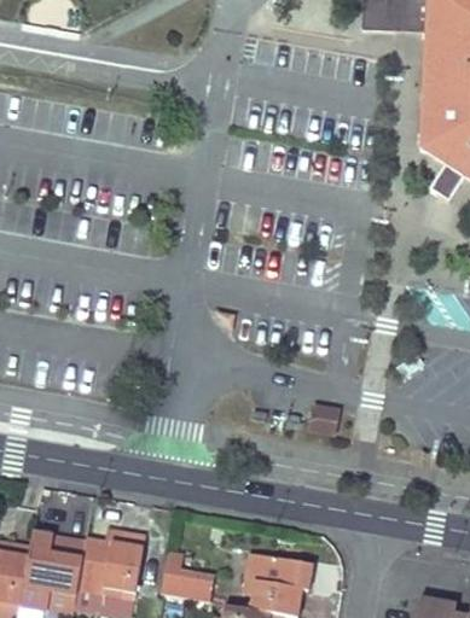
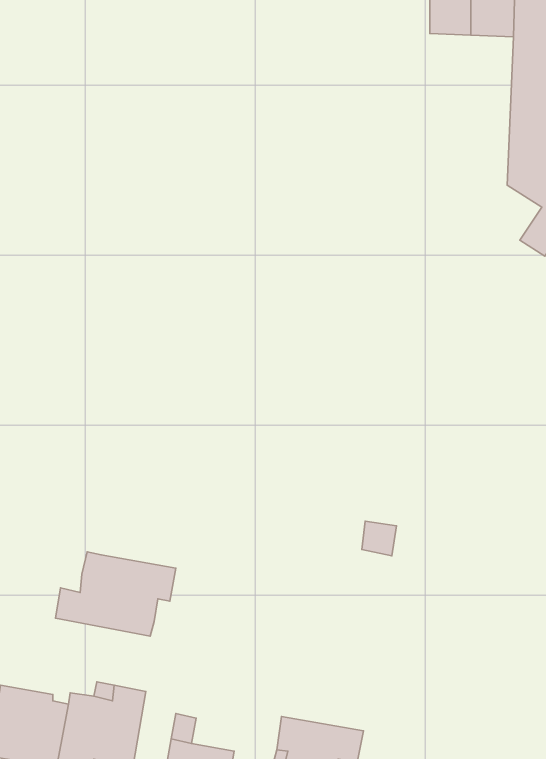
building: none -> [56,552,176,636]

